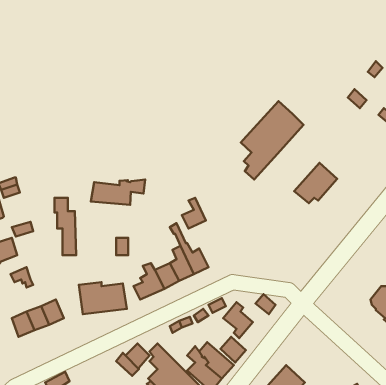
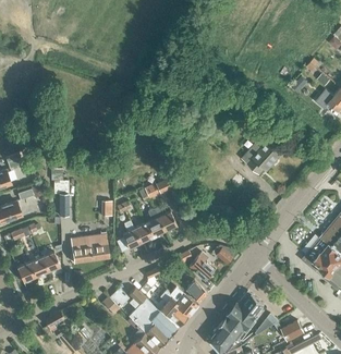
building: [241,101,303,180] -> none
building: [91,180,145,205] -> none

